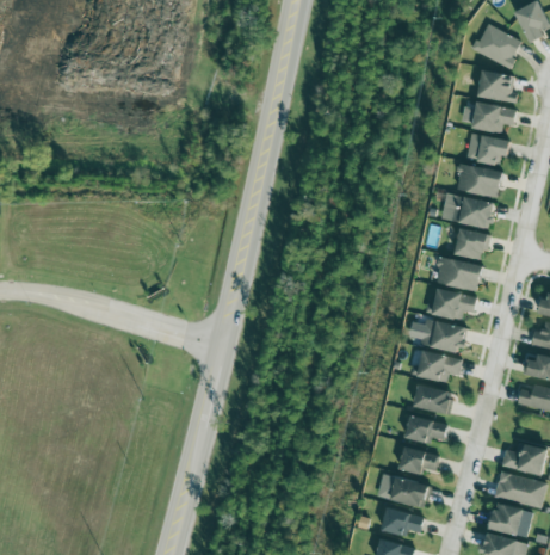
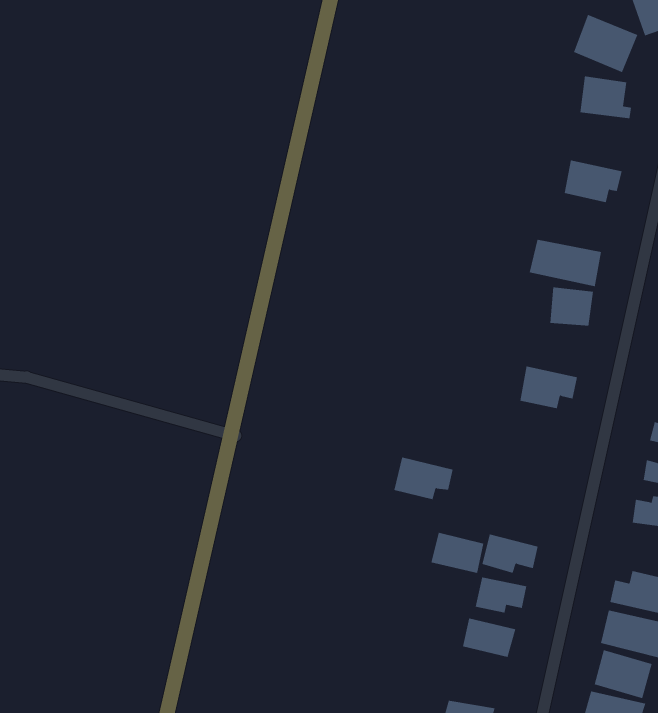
building: [462,103,517,134] -> none
building: [456,164,503,198] -> none
building: [435,259,482,290] -> none
building: [420,319,469,354] -> none
building: [418,351,463,383] -> [393,457,454,500]
building: [413,384,453,415] -> [430,532,484,573]
building: [381,508,425,537] -> none

